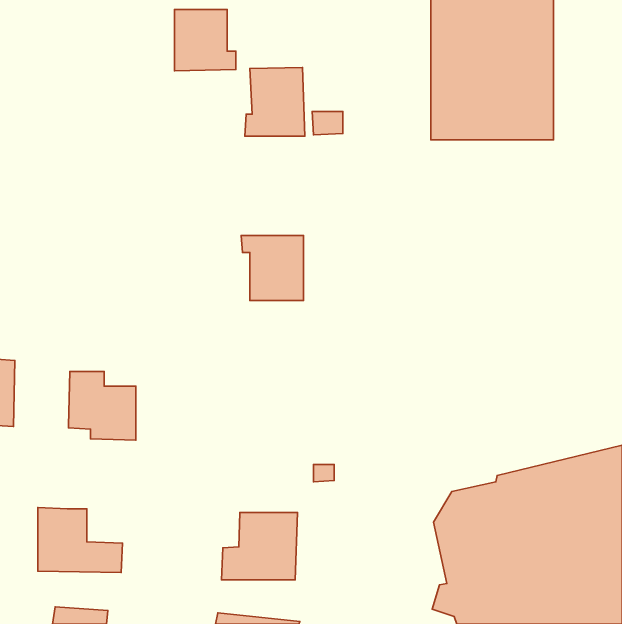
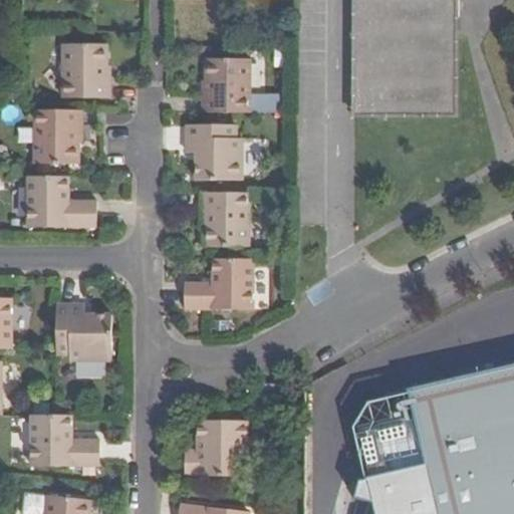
building: [175,10,236,71] -> [61,48,111,98]
building: none -> [33,110,81,166]
building: none -> [188,120,244,177]
building: none -> [27,178,95,232]
building: none -> [188,257,252,306]

